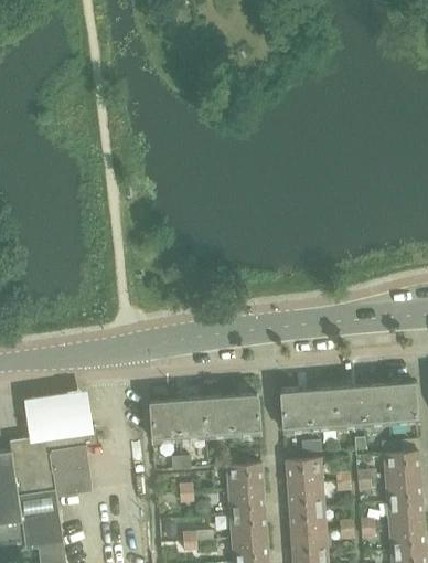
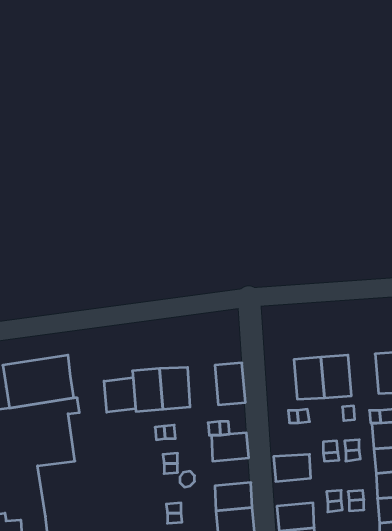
building: [360,386,389,427] -> none
building: [280,392,310,433] -> none
building: [203,397,233,438] -> none
building: none -> [104,378,136,412]
building: [285,459,322,487] -> none
building: [227,488,265,516] -> none
building: [289,508,325,535] -> none

